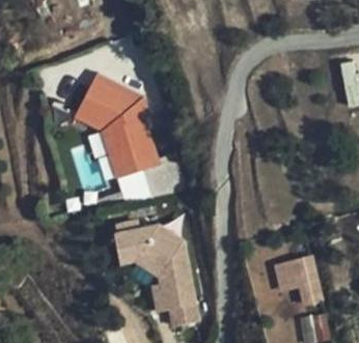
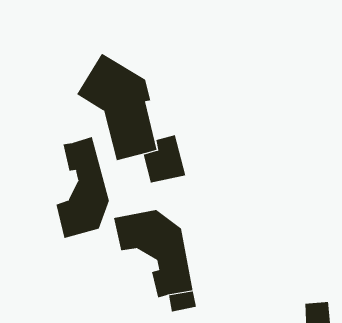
building: none -> [56,136,110,239]
building: [276,255,325,305] -> none

